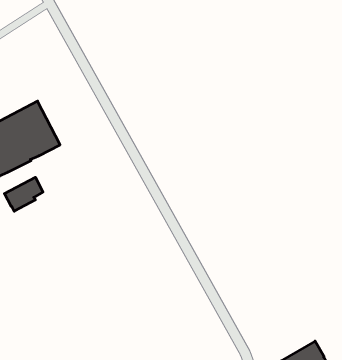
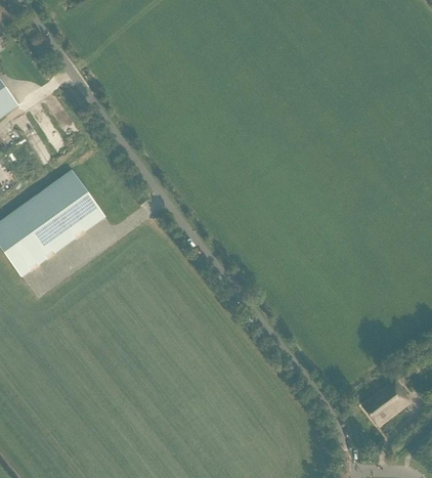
building: [4,177,43,211] -> none

